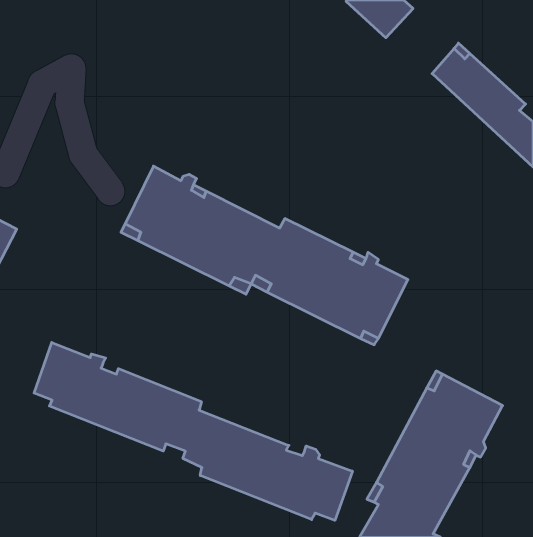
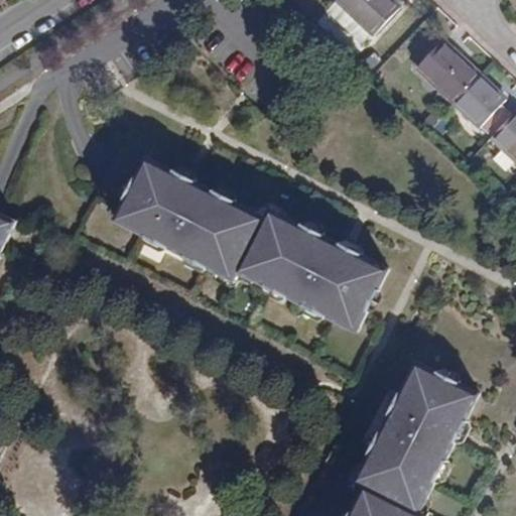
building: [34,342,352,520] -> none

